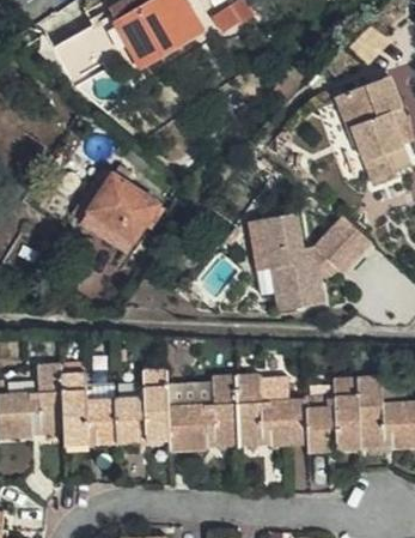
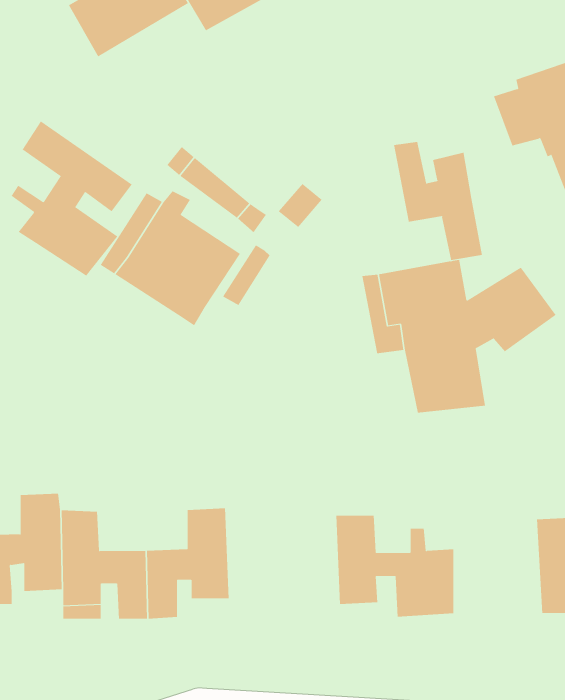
building: none -> [11,121,133,277]
building: none -> [393,141,483,261]
building: [158,379,230,447] -> none
building: [304,381,360,453] -> none

